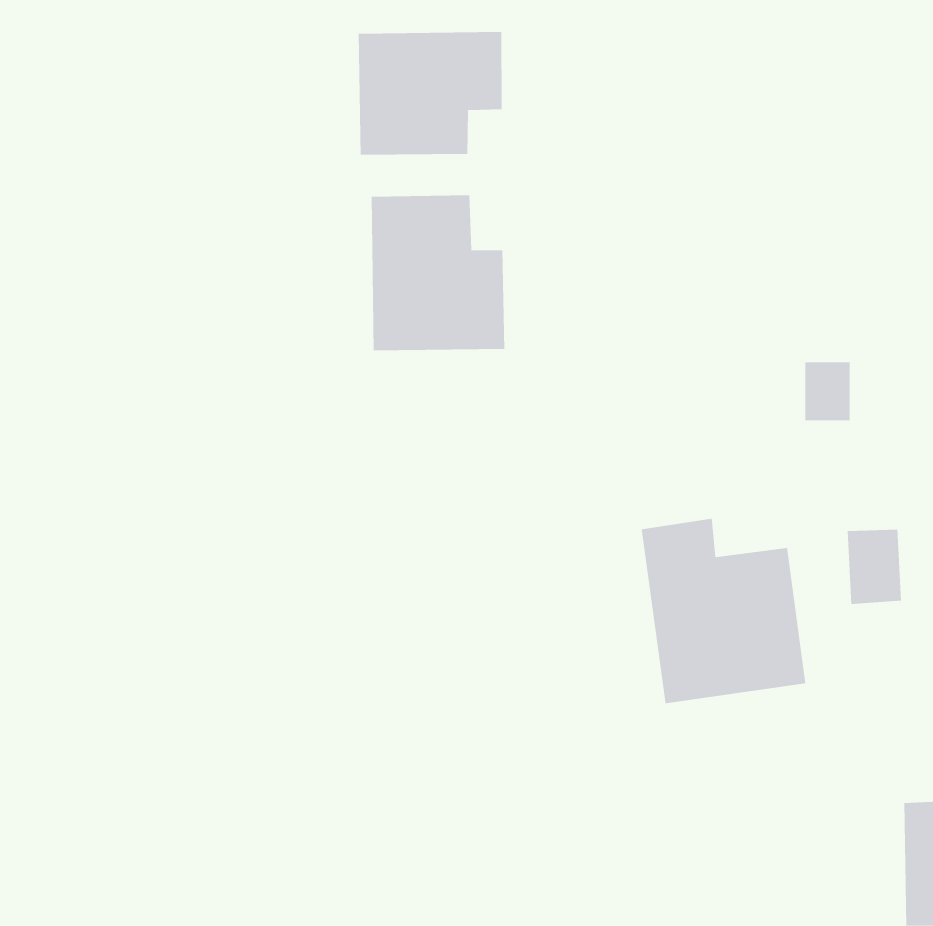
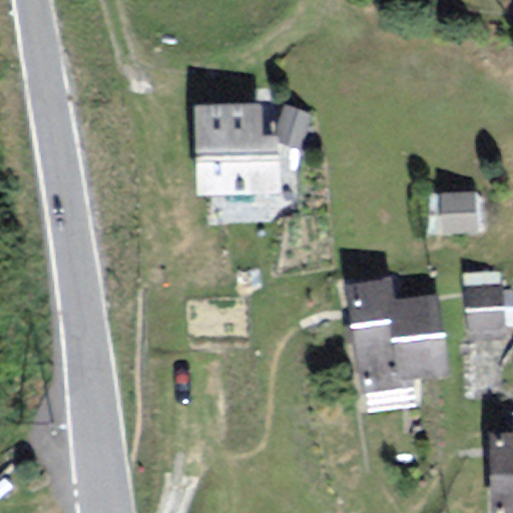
building: [358,31,502,156] -> none

